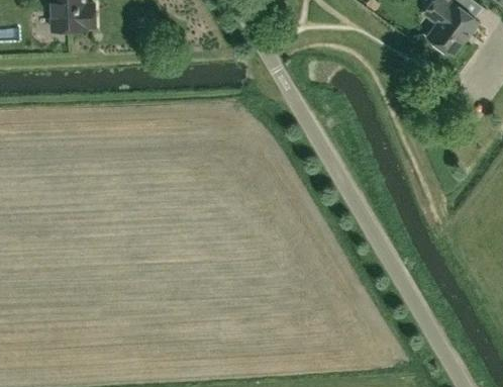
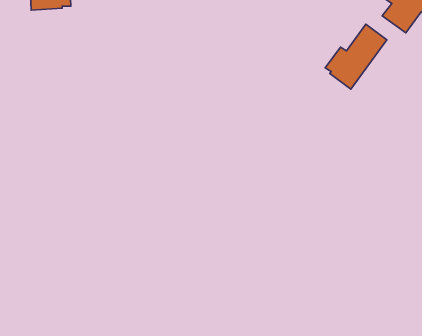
building: none -> [325,24,387,89]

